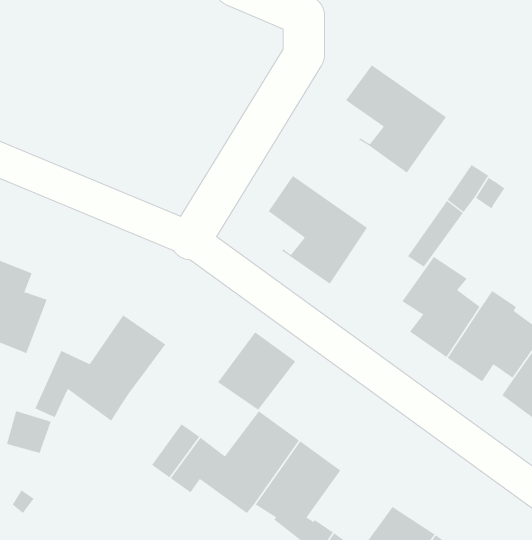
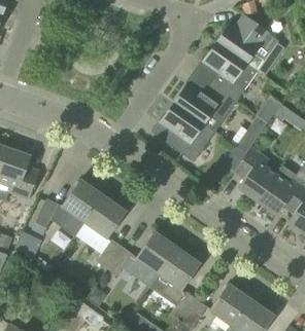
building: none -> [216,23,279,71]
building: none -> [173,83,236,132]
building: [217,331,296,410] -> [83,195,127,238]

